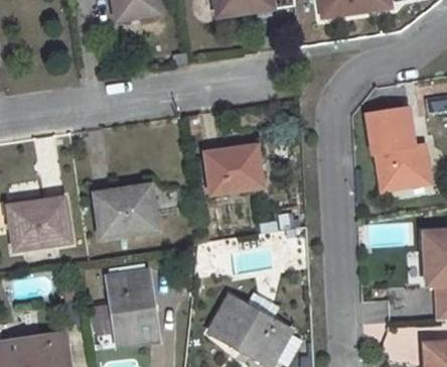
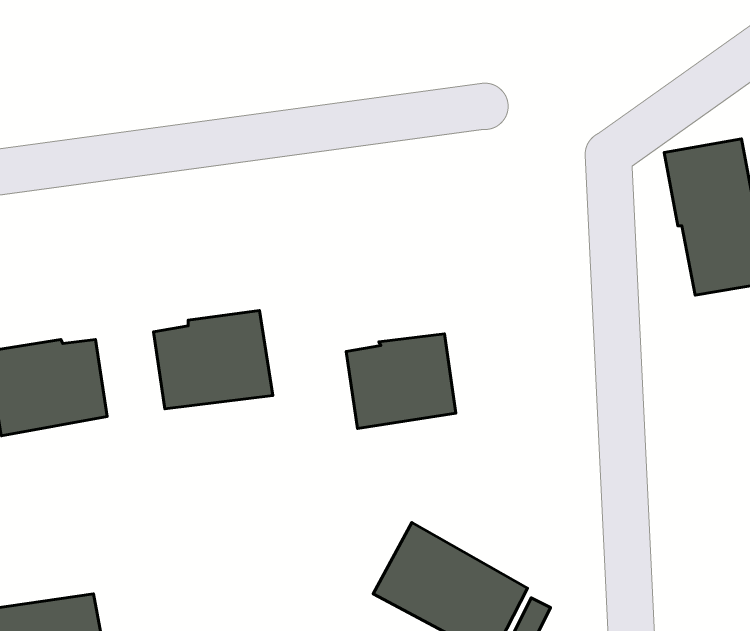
building: [204,146,262,196] -> [346,334,456,428]
building: [106,272,158,347] -> none

